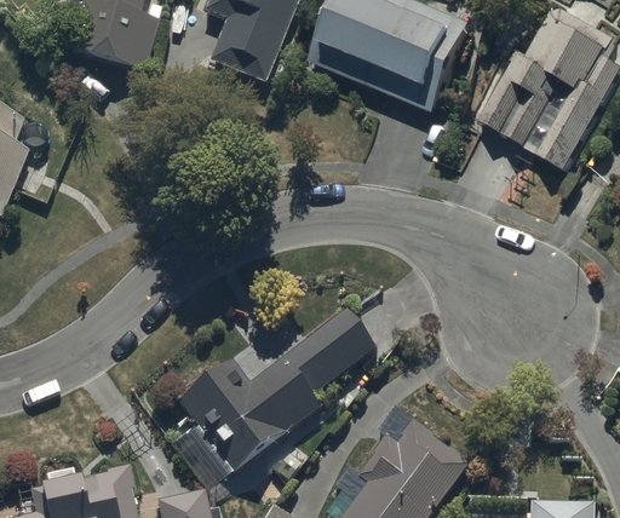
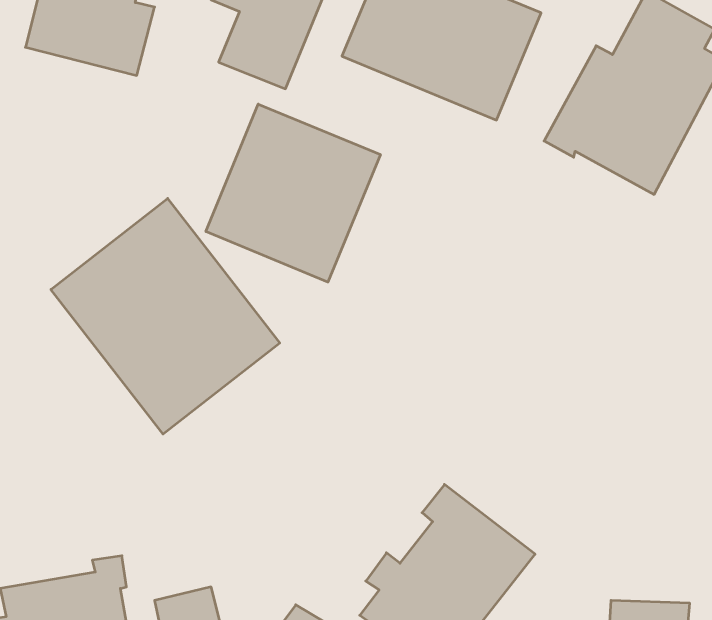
building: none -> [206,104,380,282]
building: none -> [51,198,280,434]
building: [182,309,375,472] -> none

